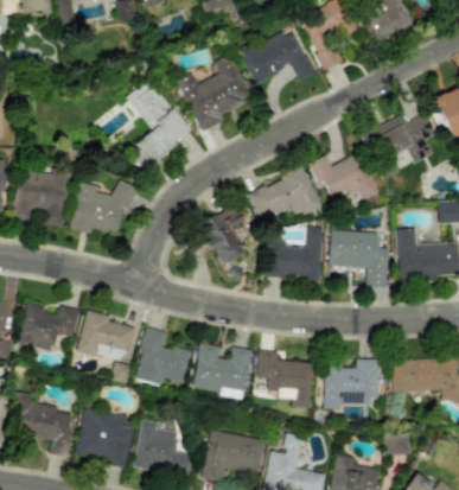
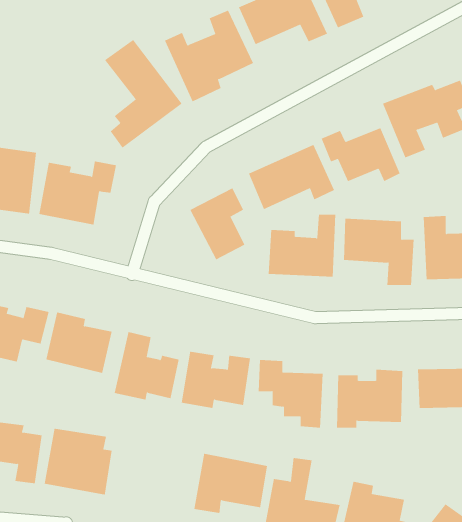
building: [135,419,192,476] -> none
building: [387,432,412,454] -> none

